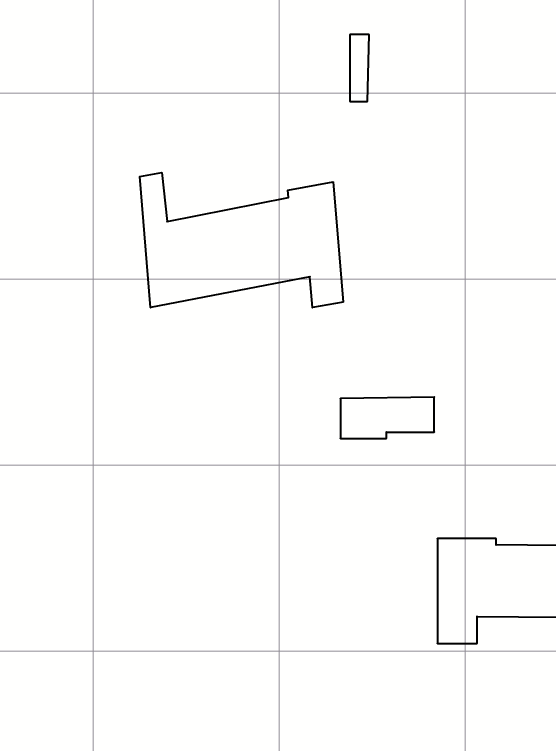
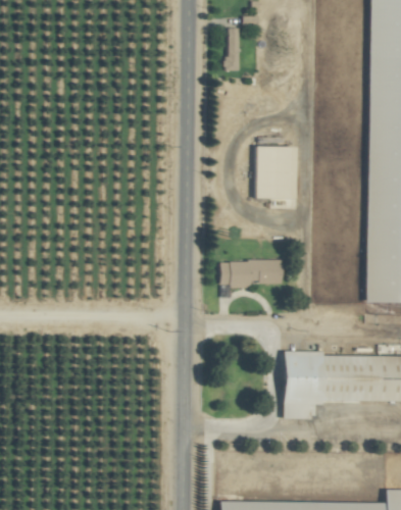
building: [140,173,343,308] -> none
building: none -> [256,147,296,199]

